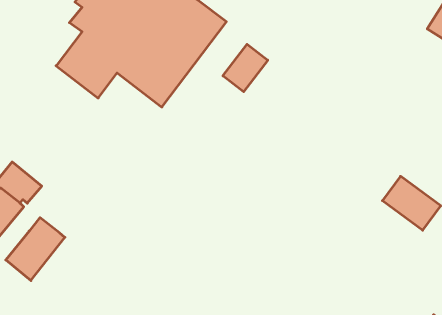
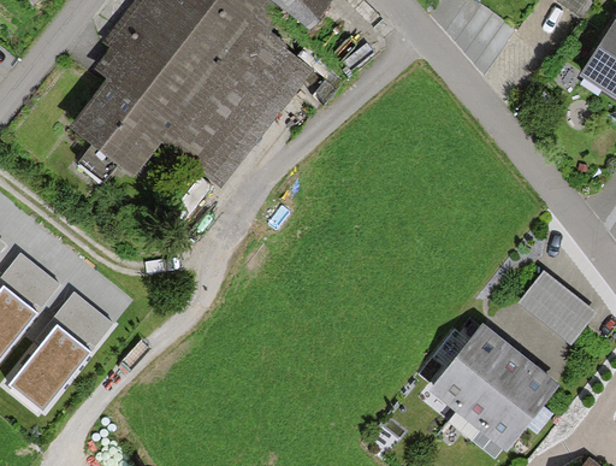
building: [223,44,268,92] -> none
building: none -> [37,293,114,348]
building: none -> [421,324,561,452]

